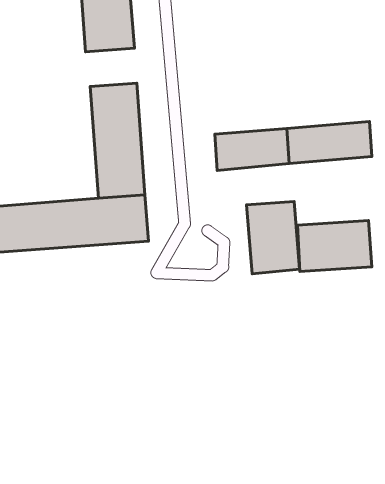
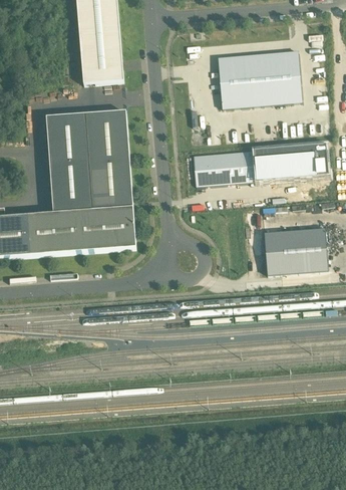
building: none -> [219,50,302,107]
building: none -> [46,112,92,212]
building: [246,202,300,274] -> none

